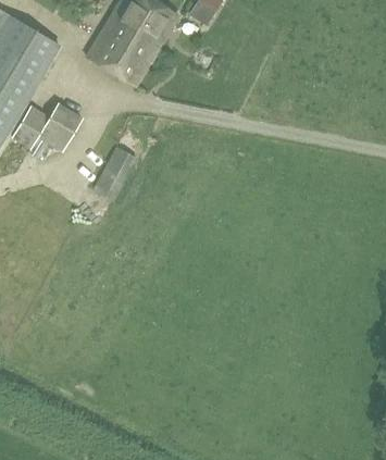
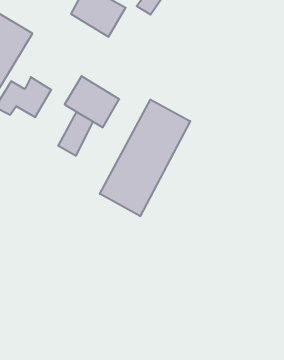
building: [86,20,155,85] -> [65,76,119,127]
building: none -> [100,100,190,216]

